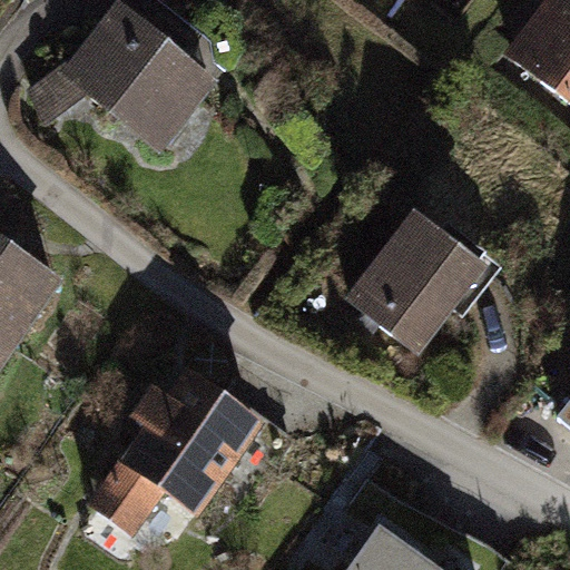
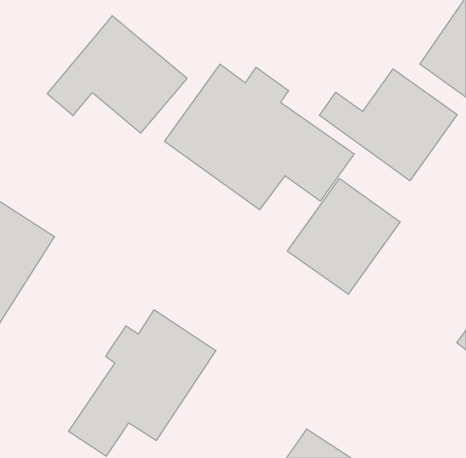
building: none -> [164,64,354,210]
building: none -> [319,69,457,181]

